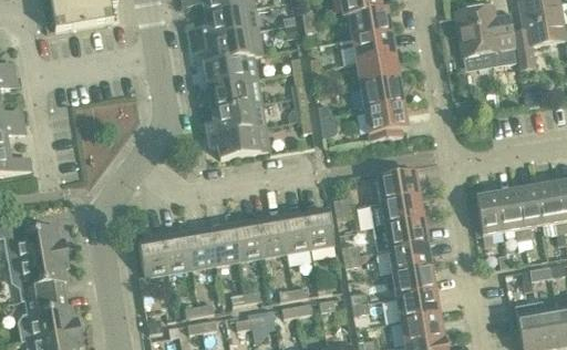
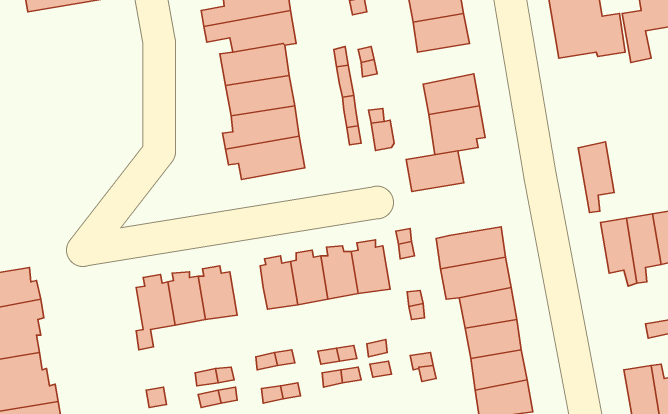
building: [355,55,399,86] -> none
building: [375,172,420,203] -> [406,151,464,191]
building: [475,193,503,247] -> [578,142,614,213]
building: [212,222,240,264] -> none

